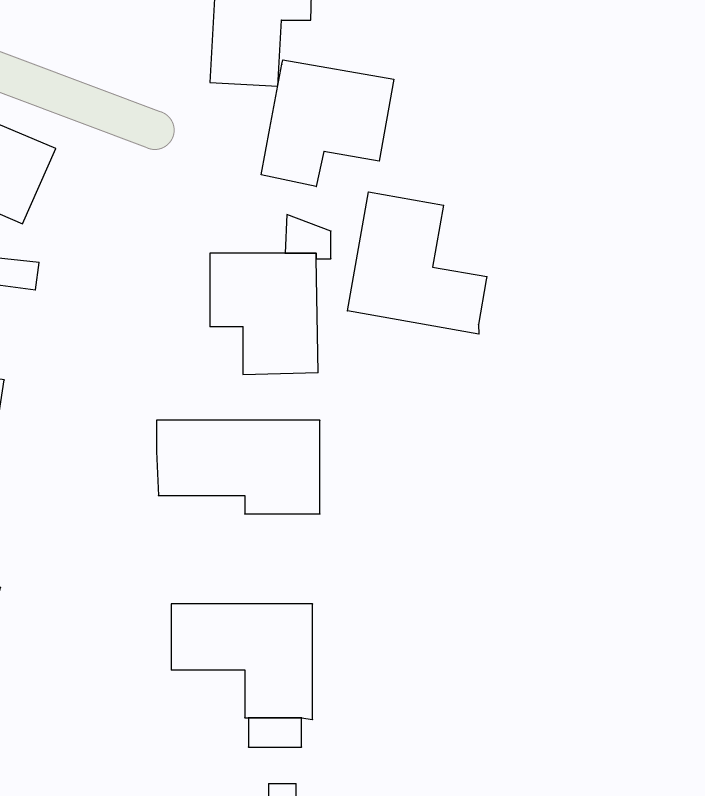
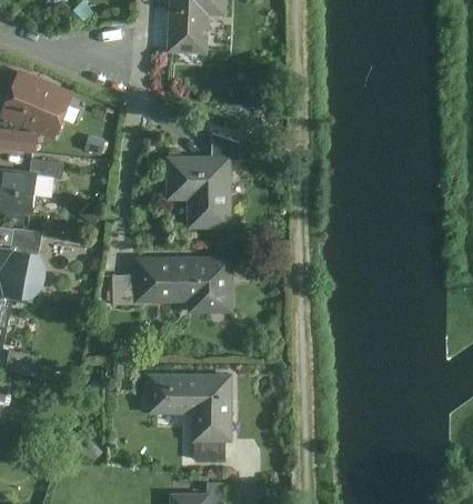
building: [261,60,394,187] -> none
building: [347,192,487,334] -> none
building: none -> [111,276,134,305]

